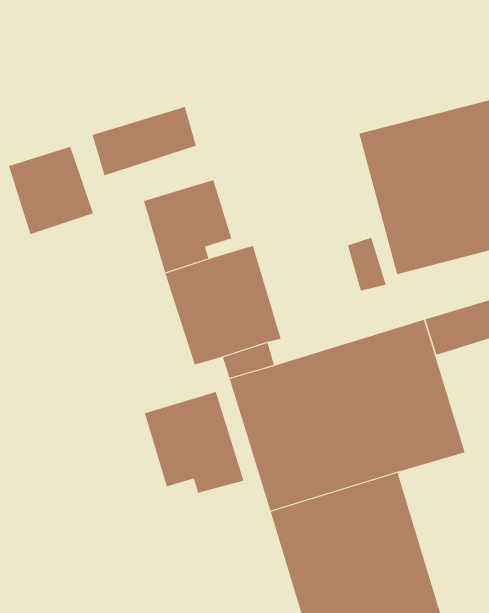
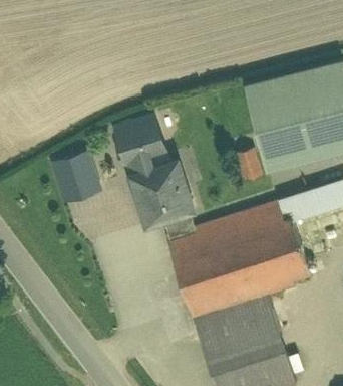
building: [92,106,197,176] -> none
building: [8,146,94,235] -> [50,148,102,202]
building: [144,391,244,494] -> none

